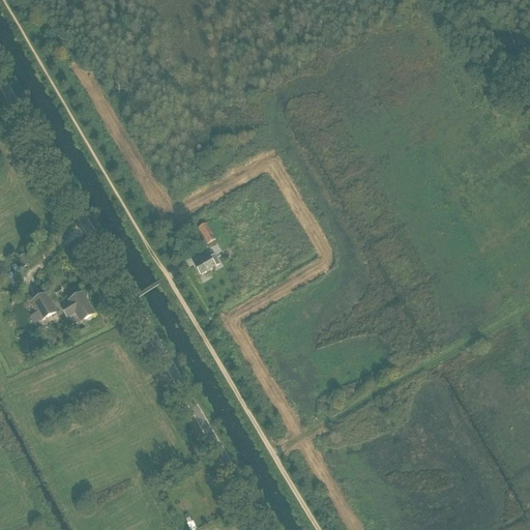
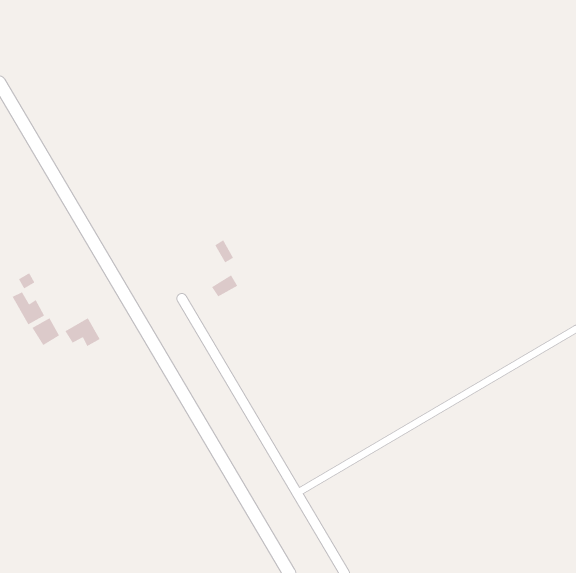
building: none -> [12,291,45,325]

